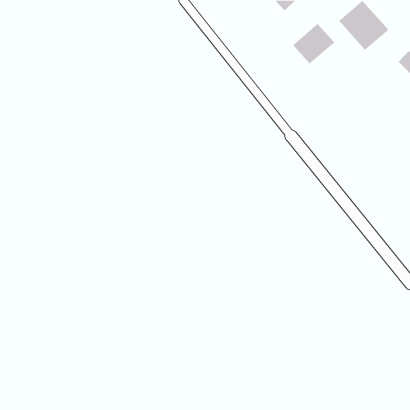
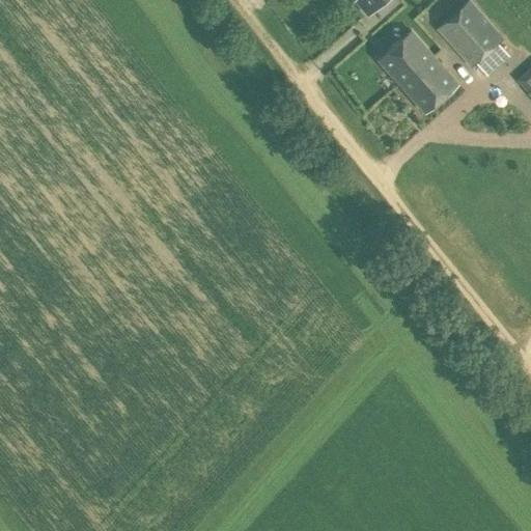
building: none -> [400,56,458,113]

